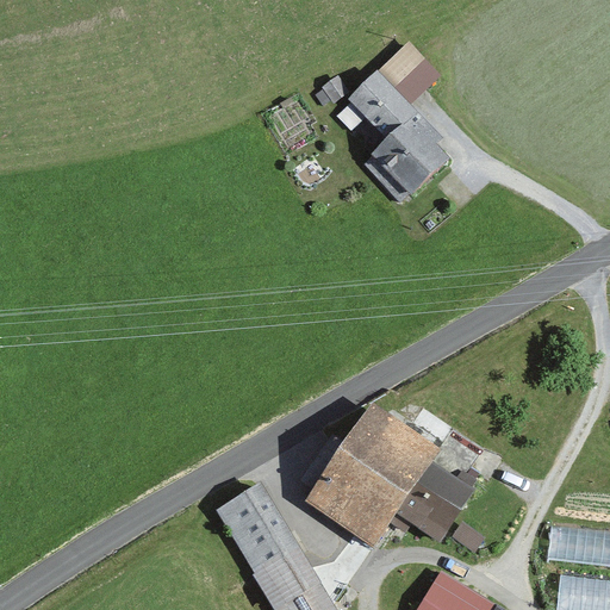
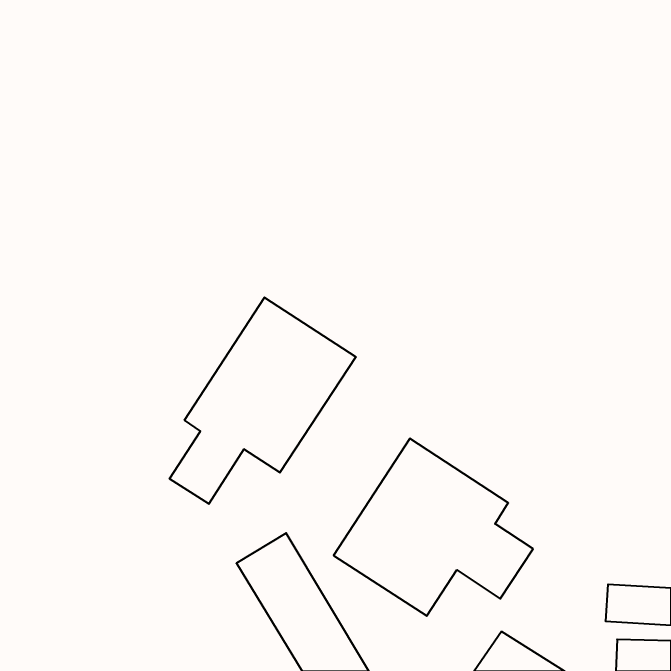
building: [347,45,455,205] -> none
building: none -> [170,297,356,504]

